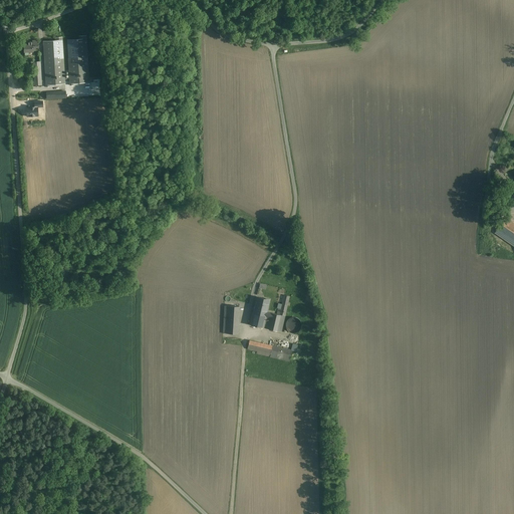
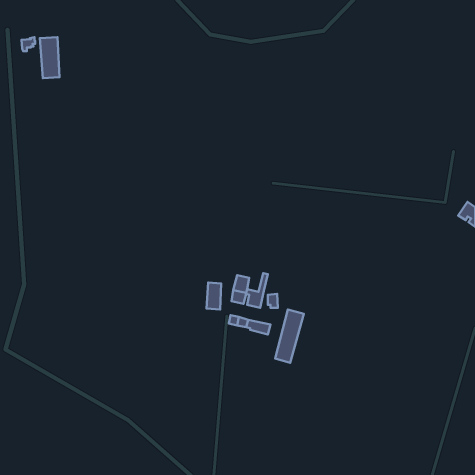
building: [67,35,89,83] -> none
building: none -> [275,309,304,363]

